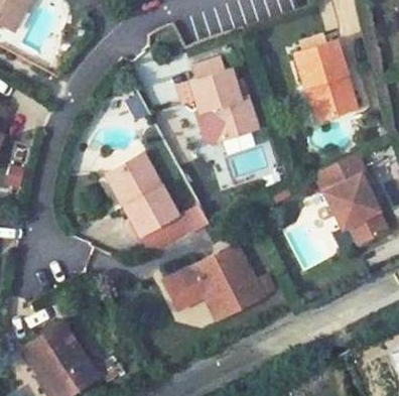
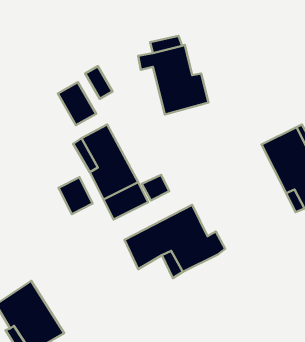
building: [295,39,357,121] -> none
building: none -> [58,82,96,125]
building: none -> [59,177,93,214]

